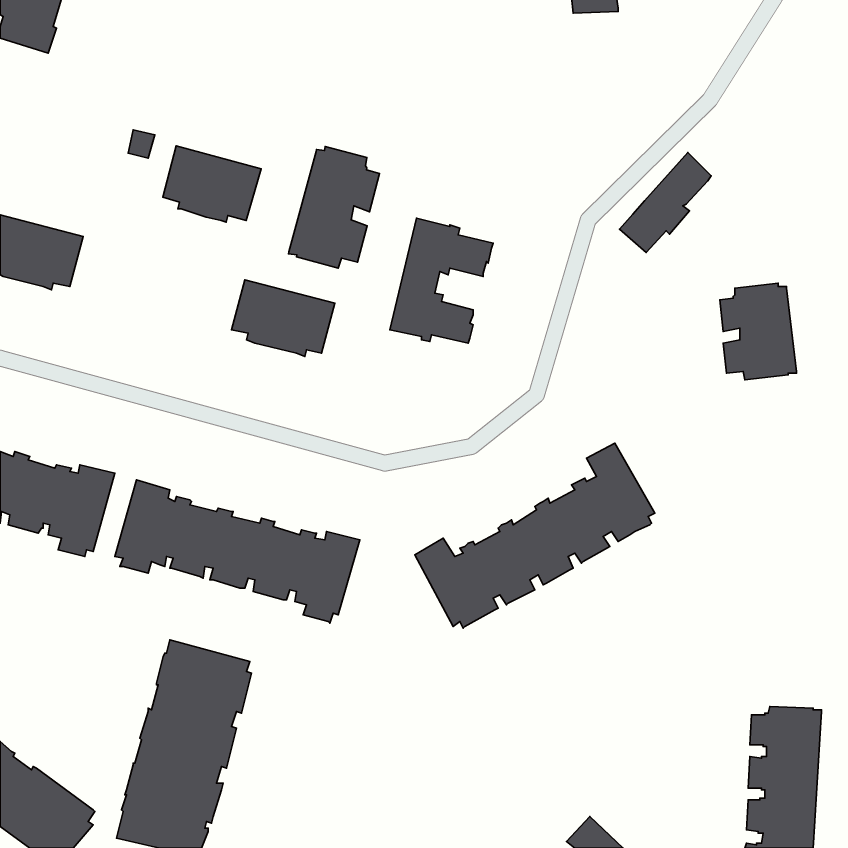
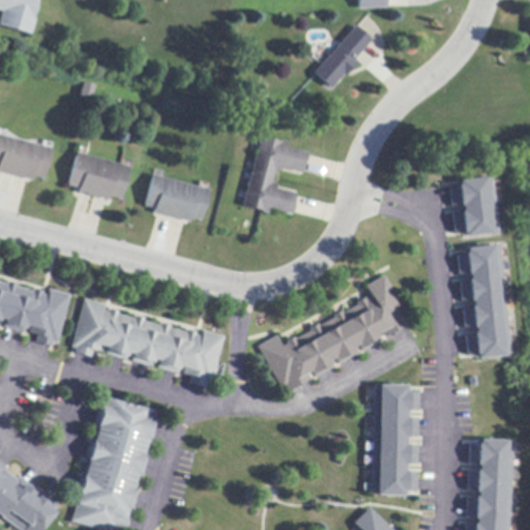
building: [163,146,261,222] -> [70,152,131,200]
building: [289,146,379,268] -> none
building: [620,153,711,253] -> [314,25,371,87]
building: none -> [455,244,510,358]
building: none -> [372,384,417,496]

